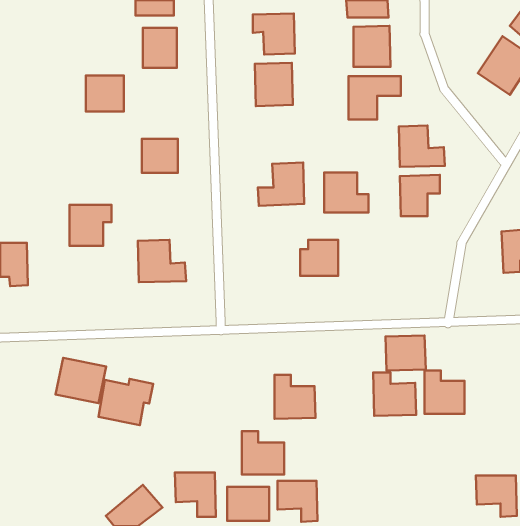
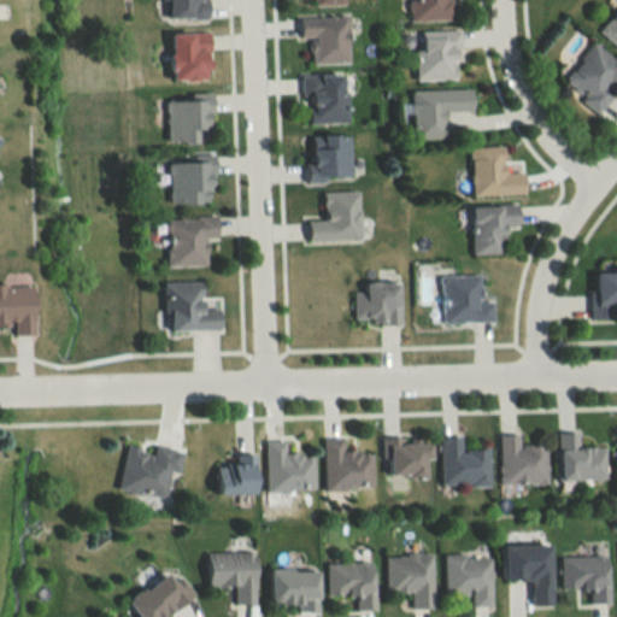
building: [86,76,124,112] -> [170,100,215,142]
building: none -> [307,134,354,181]
building: [324,172,368,213] -> [445,275,496,322]
building: [69,205,112,246] -> [170,217,219,265]
building: [386,335,426,370] -> [387,437,434,478]
building: [56,358,106,403] -> none
building: none -> [562,433,609,480]
building: none -> [221,457,257,494]
building: [242,431,284,474] -> [269,441,318,492]
building: none -> [507,545,556,609]
building: none -> [389,556,437,610]
building: none -> [448,557,495,609]

